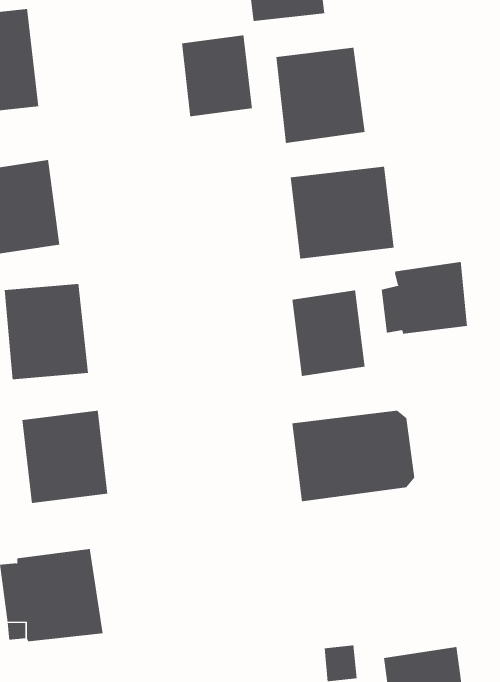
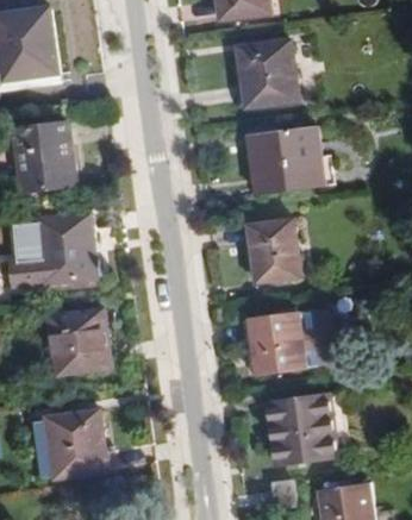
building: [181,35,252,117] -> none
building: [381,261,468,335] -> none
building: none -> [263,394,337,465]

